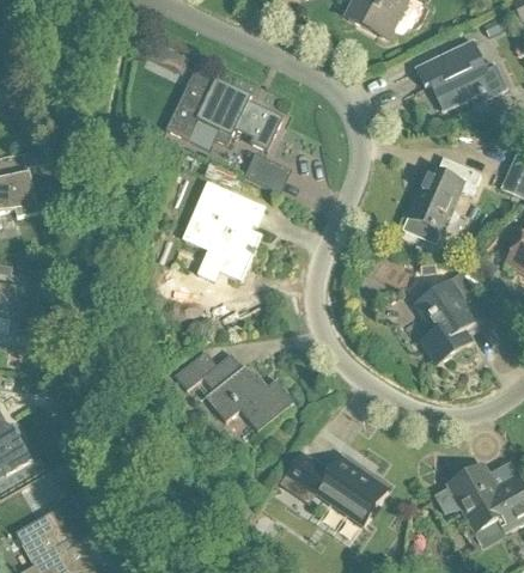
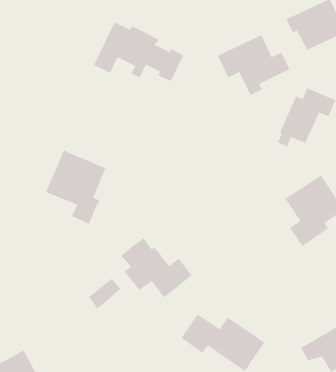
building: none -> [217,34,290,95]
building: [243,153,282,190] -> none
building: [184,184,263,281] -> [45,150,106,224]
building: [173,349,217,390] -> [88,278,121,309]

